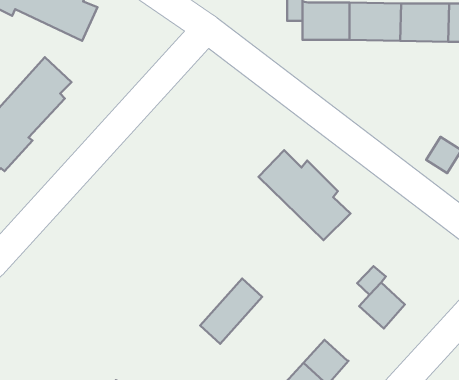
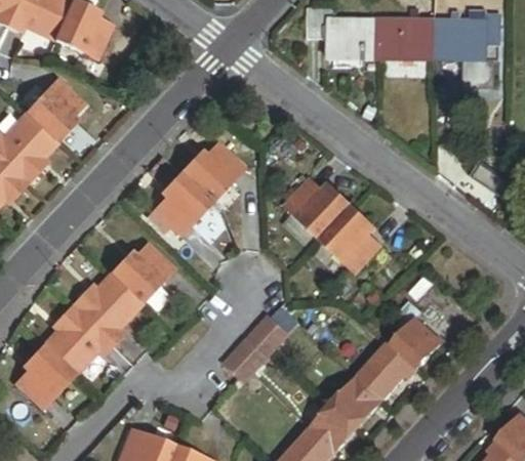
building: none -> [152,141,244,237]
building: none -> [13,242,174,410]
building: none -> [355,342,418,403]

